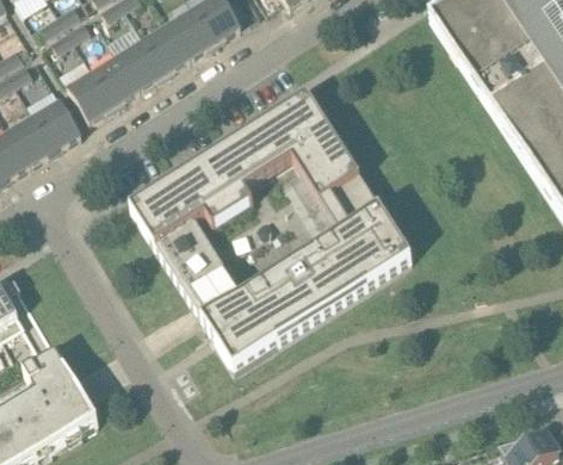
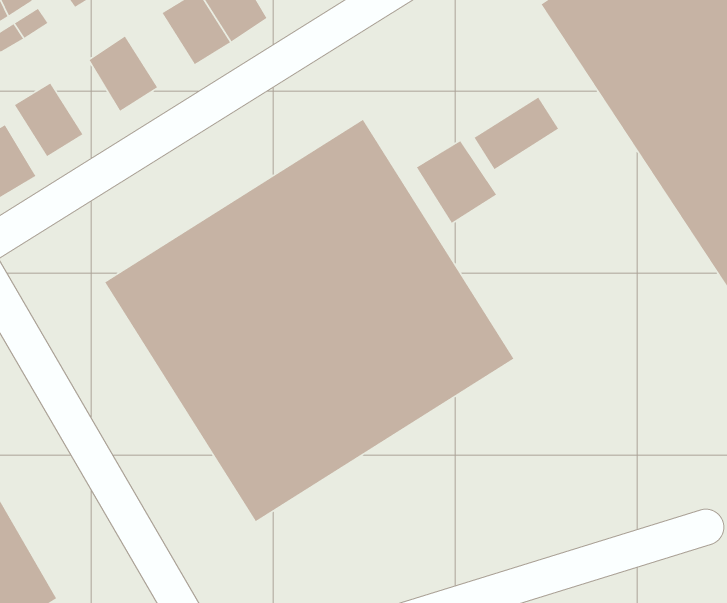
building: [144,21,192,73] -> none
building: [93,54,141,105] -> none
building: none -> [473,97,559,170]
building: none -> [416,140,497,224]

